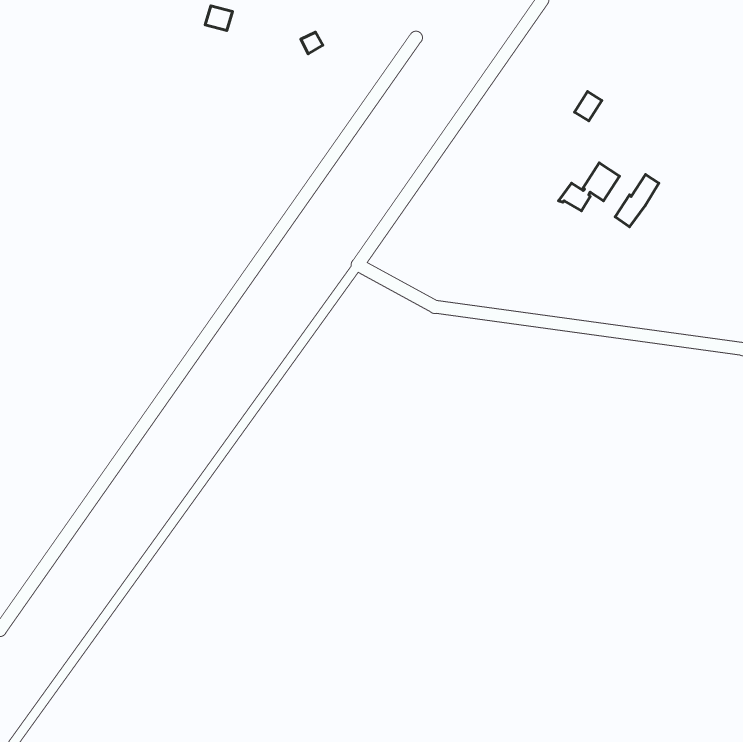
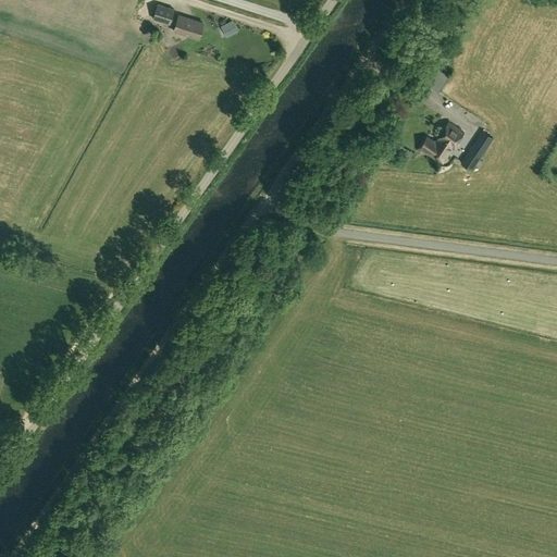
building: none -> [174,16,203,39]

